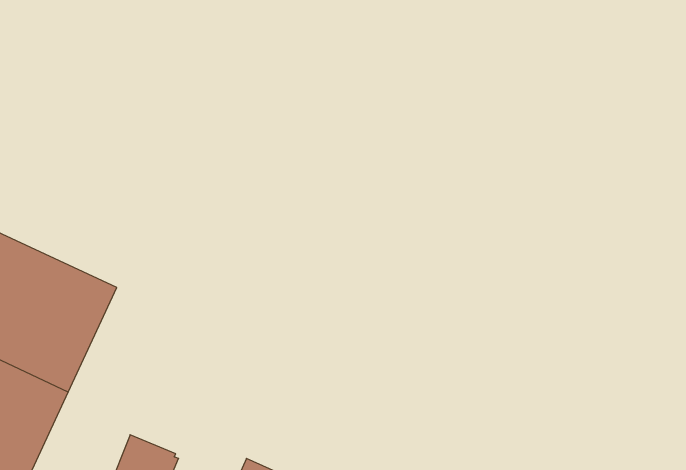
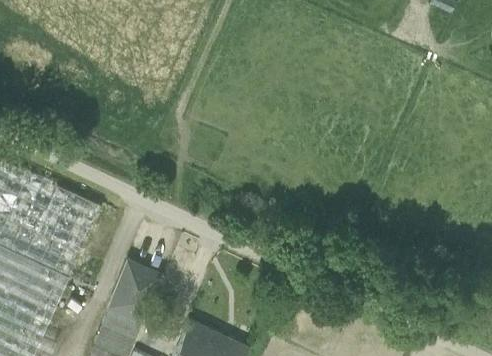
building: none -> [110,261,162,319]

